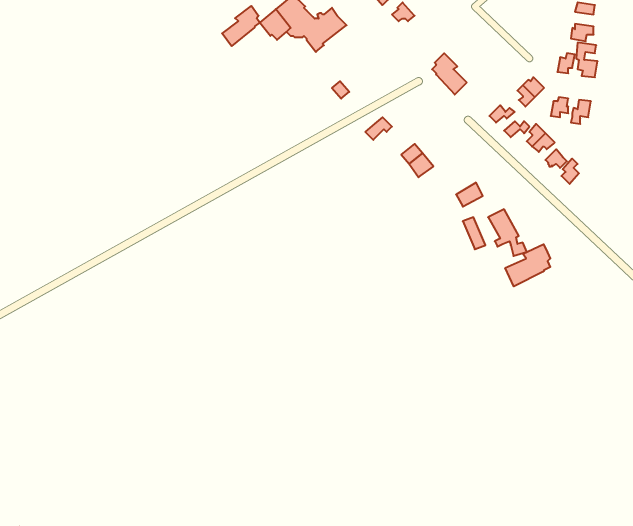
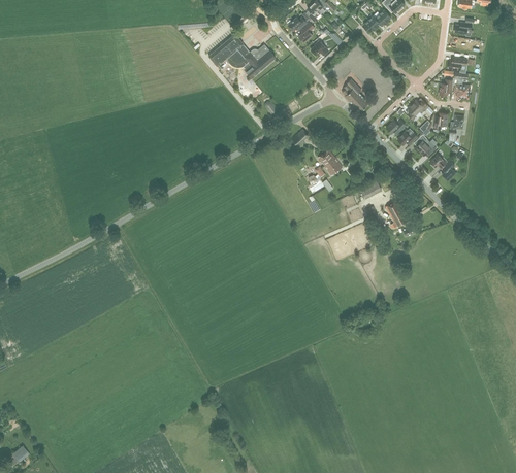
building: [222,6,260,46] -> none
building: [505,244,550,286] -> none

